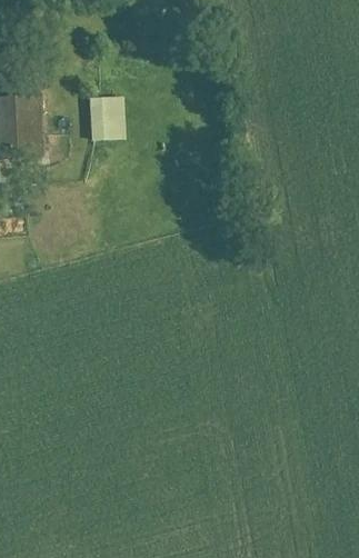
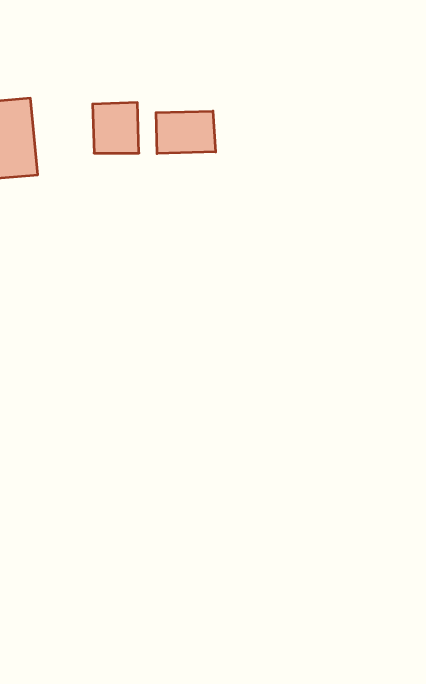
building: none -> [156,111,216,154]

